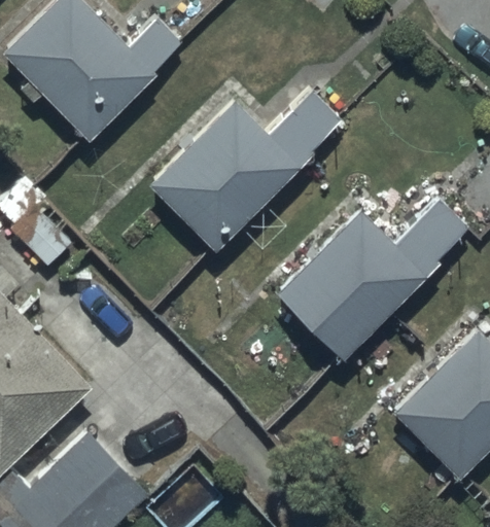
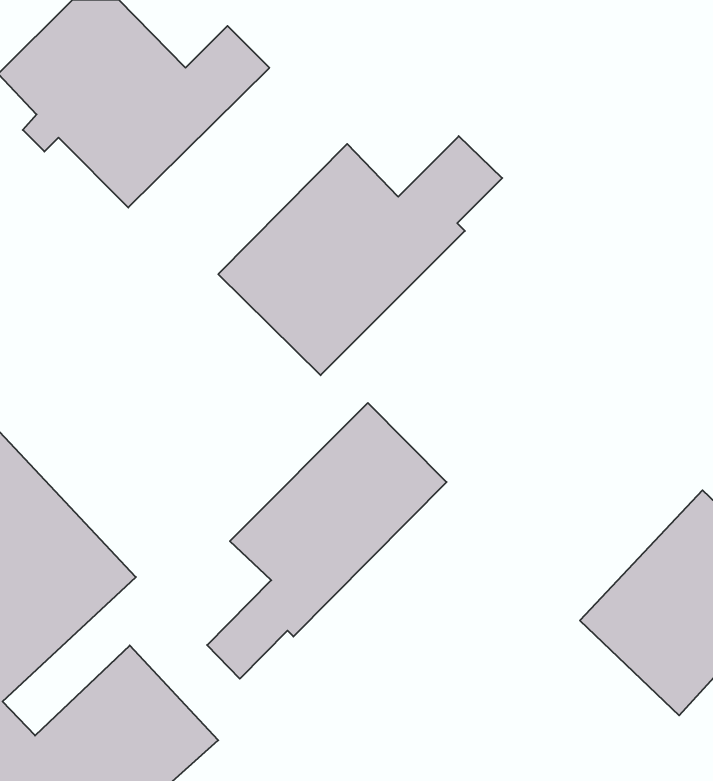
building: [277,198,466,360] -> none
building: none -> [207,403,447,679]

